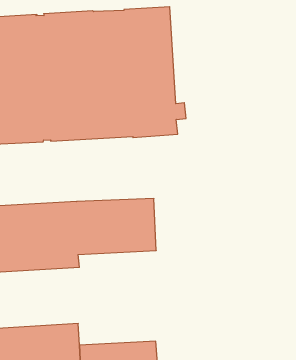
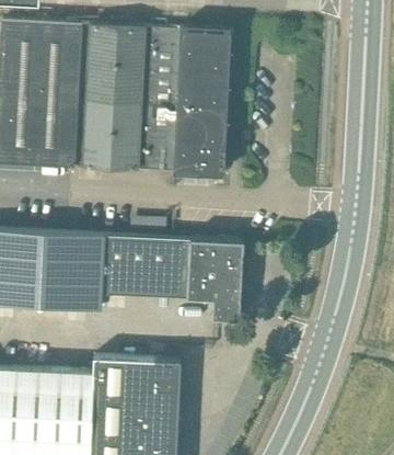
building: none -> [189,241,245,322]
building: none -> [93,357,181,401]

